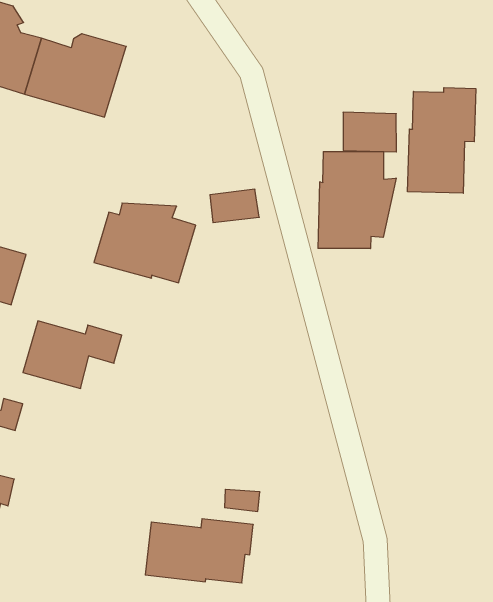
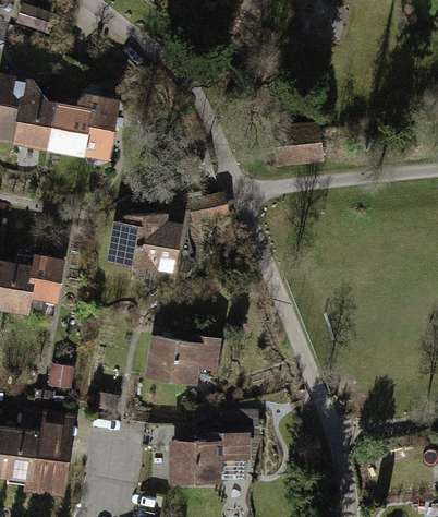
building: [408,88,476,193] -> none
building: [318,152,396,249] -> none
building: [23,321,122,388] -> [150,337,218,383]

